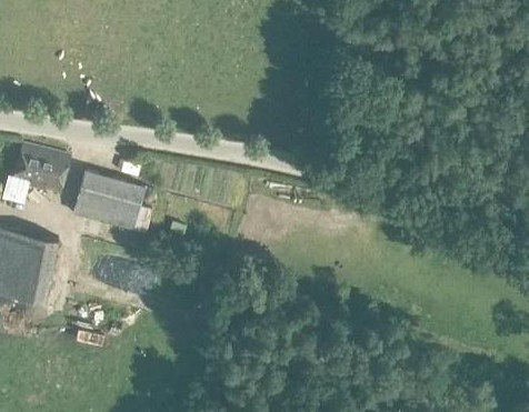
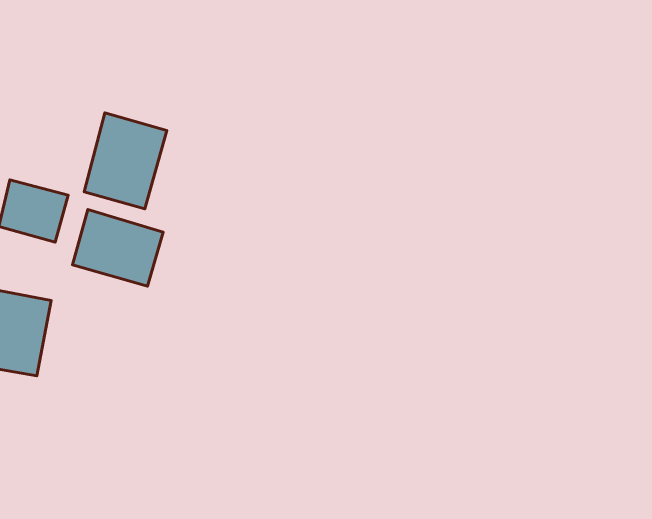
building: none -> [84,113,167,209]

